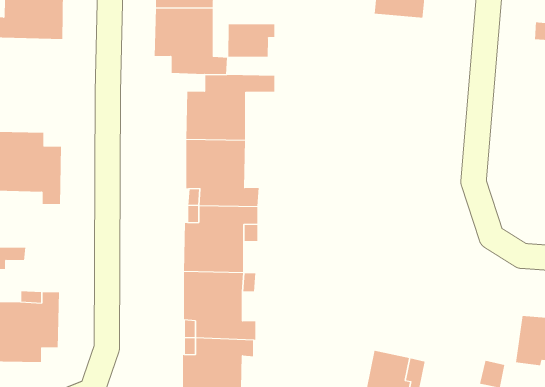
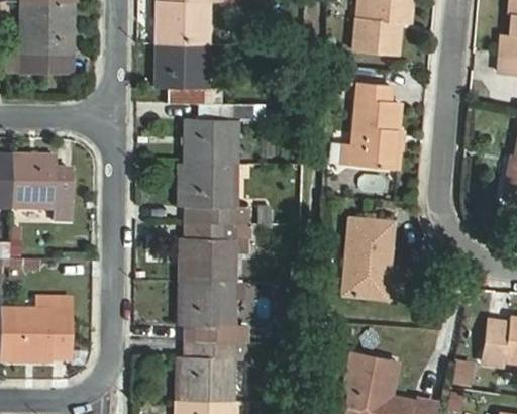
building: [228,23,275,58] -> none
building: none -> [351,83,400,169]
building: none -> [343,219,395,298]

